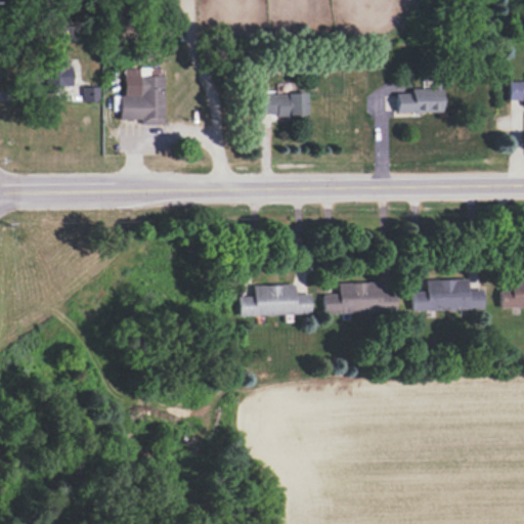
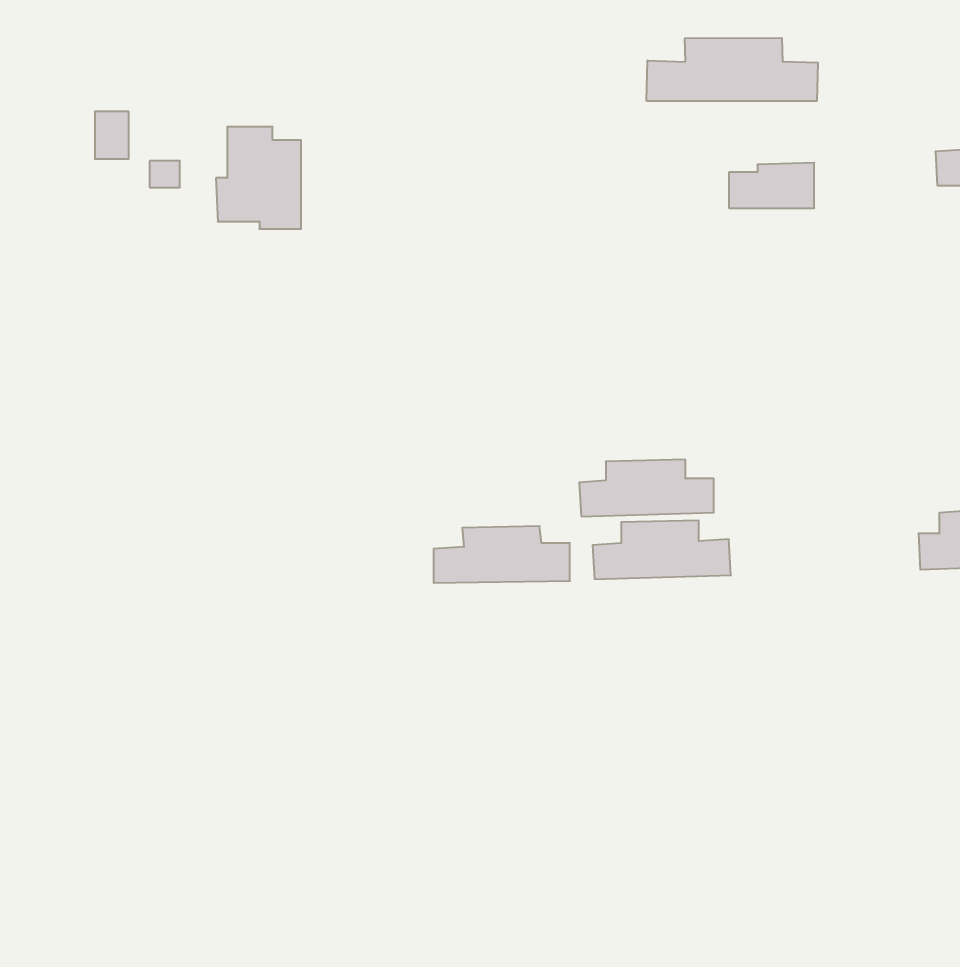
building: none -> [647,38,818,101]
building: [260,94,309,116] -> none
building: [412,279,485,310] -> [579,460,714,516]

